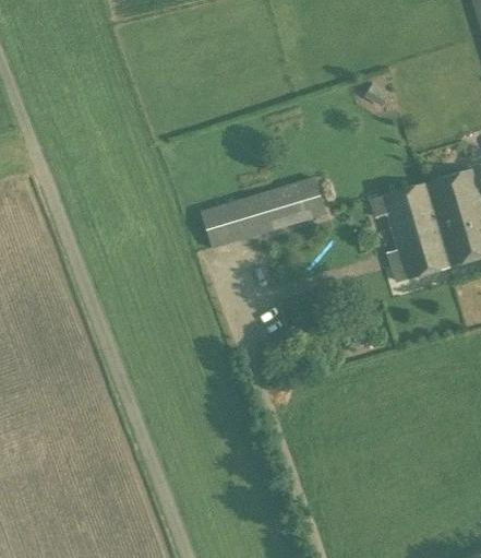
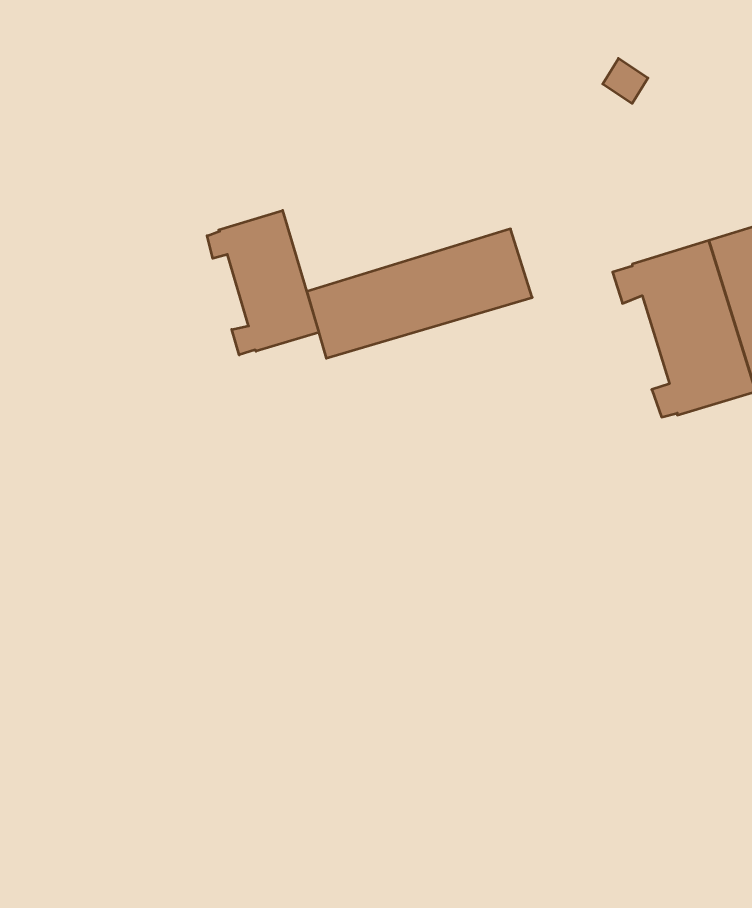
building: none -> [207,210,319,355]

